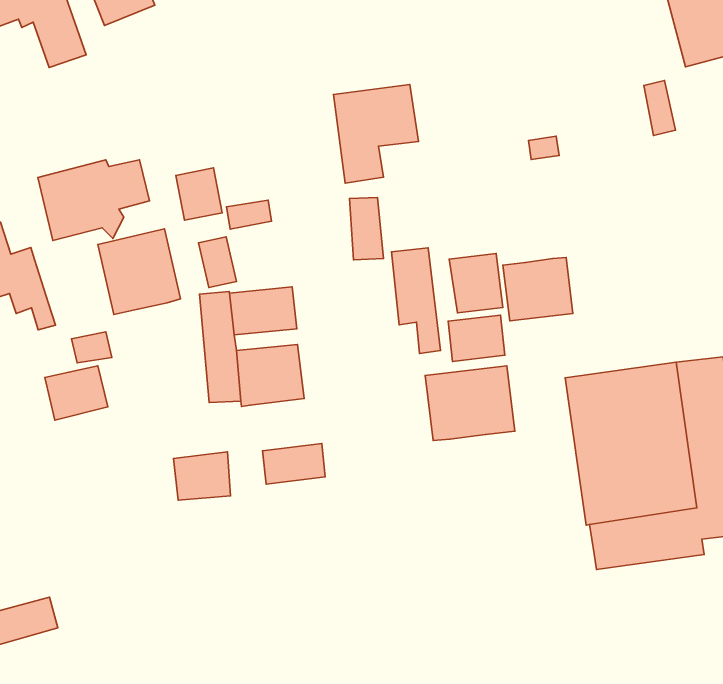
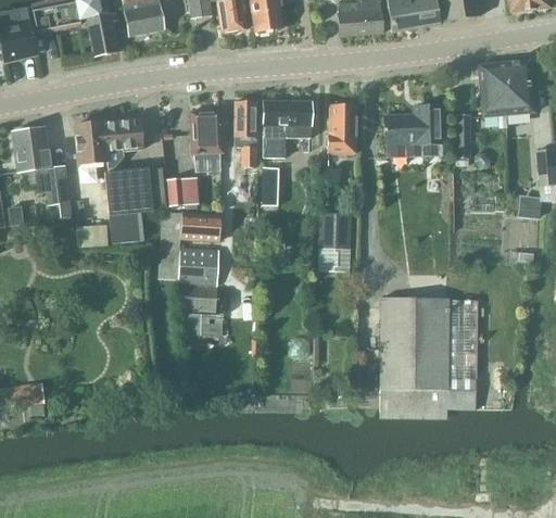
building: none -> [383,102,444,143]
building: none -> [327,103,355,150]
building: none -> [191,108,223,151]
building: [391,248,440,354] -> [233,100,258,165]
building: [503,258,573,321] -> none
building: [45,366,108,420] -> [110,212,146,241]
building: [425,366,515,441] -> none
building: [174,452,231,500] -> [184,282,218,311]

